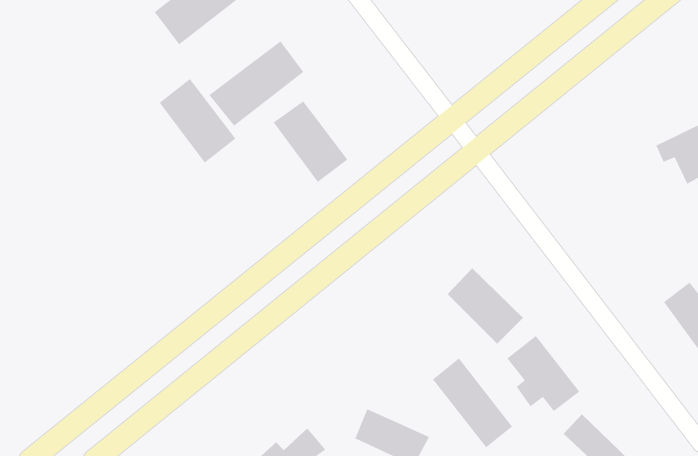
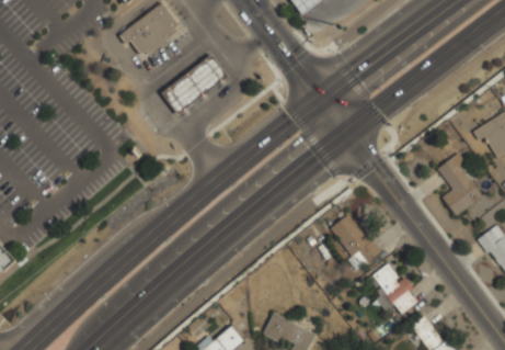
building: [159,78,236,163] -> none
building: [273,101,348,183] -> none
building: none -> [436,153,482,216]
building: [432,358,513,448] -> none

